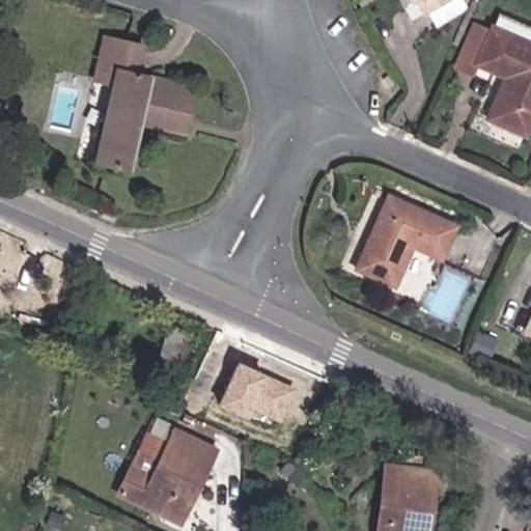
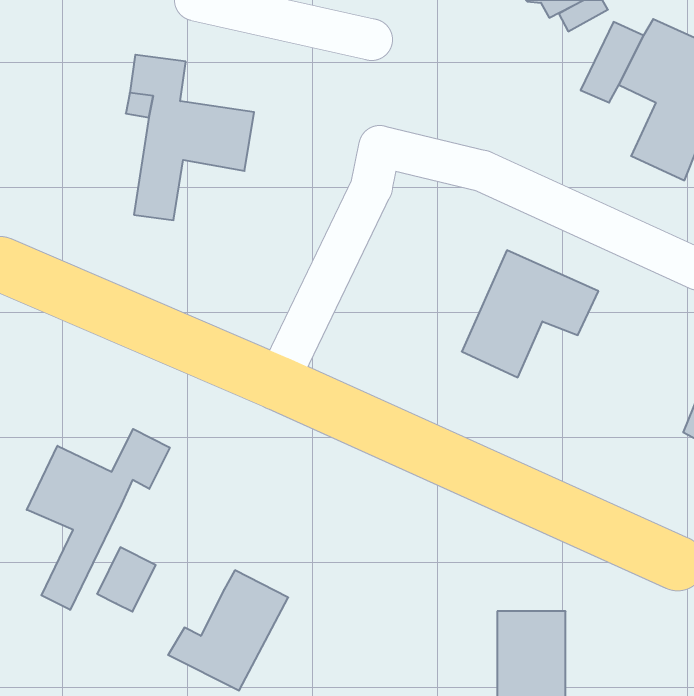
building: none -> [27,429,170,610]
building: [213,361,299,423] -> none
building: [129,436,173,484] -> [97,547,156,612]

